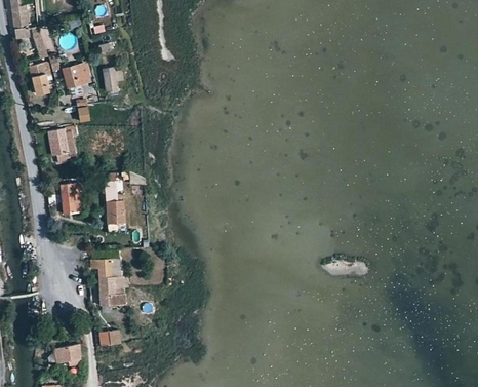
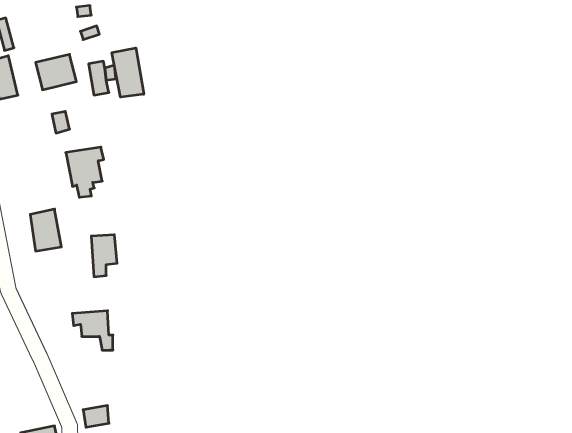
building: none -> [112,48,144,97]
building: [47,125,76,163] -> [66,147,104,197]
building: [98,277,121,305] -> none

